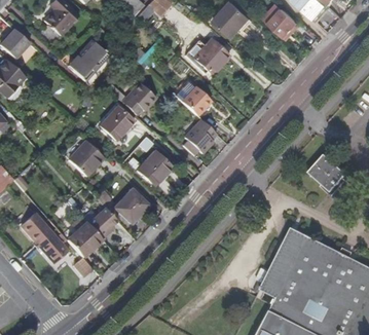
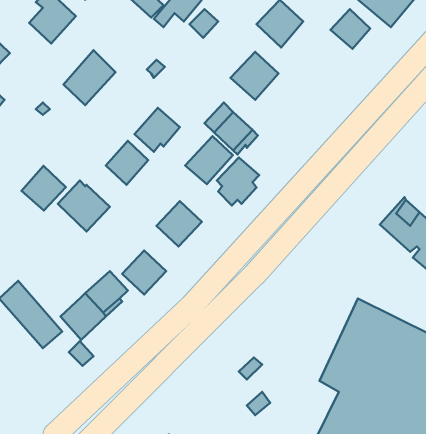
building: none -> [185,136,233,184]
building: none -> [22,166,66,211]

